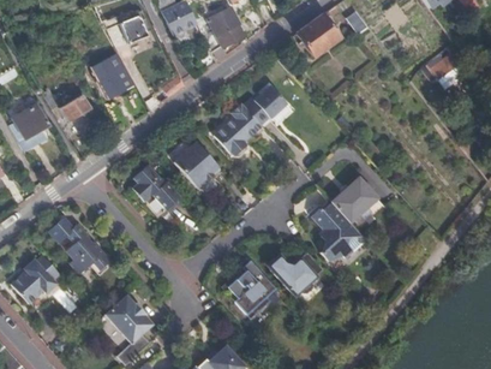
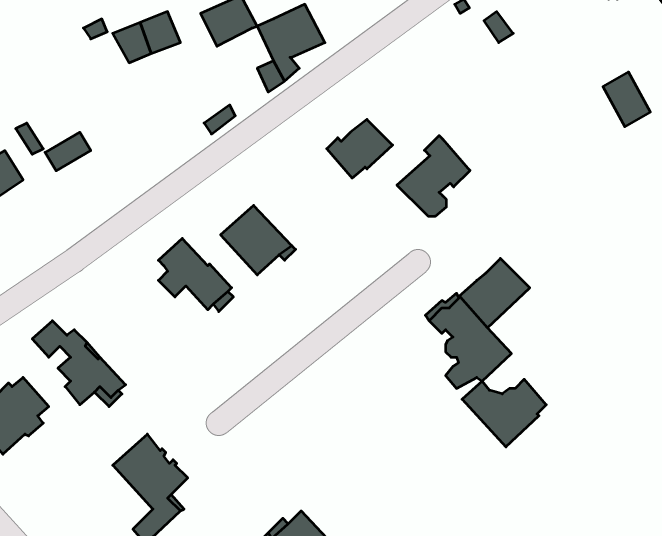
building: [297,13,340,58] -> none
building: [90,53,134,99] -> none
building: [214,102,262,155] -> [397,136,470,216]
building: [267,250,322,294] -> [462,379,546,447]
building: [229,257,275,313] -> none

